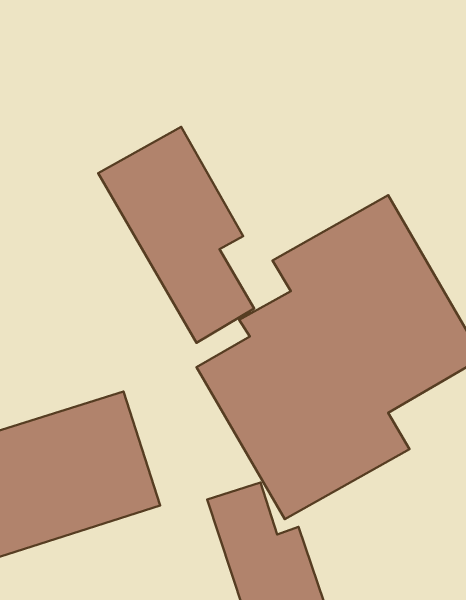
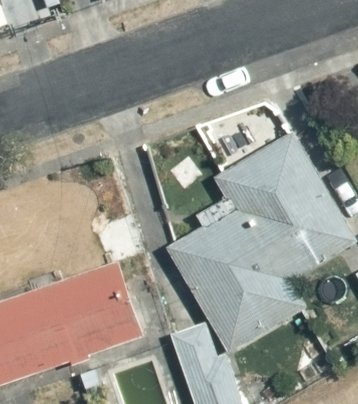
building: [98,127,254,343] -> none

